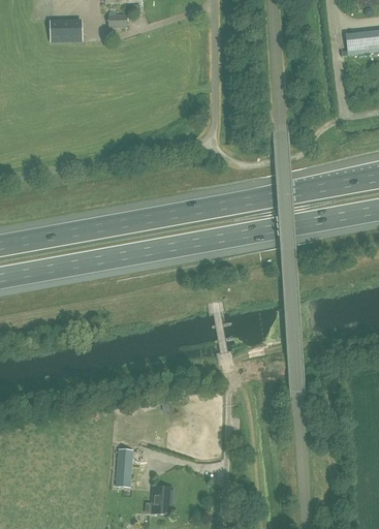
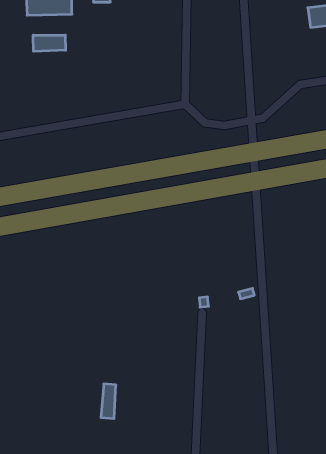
building: none -> [33,35,66,51]
building: [148,486,169,514] -> none

